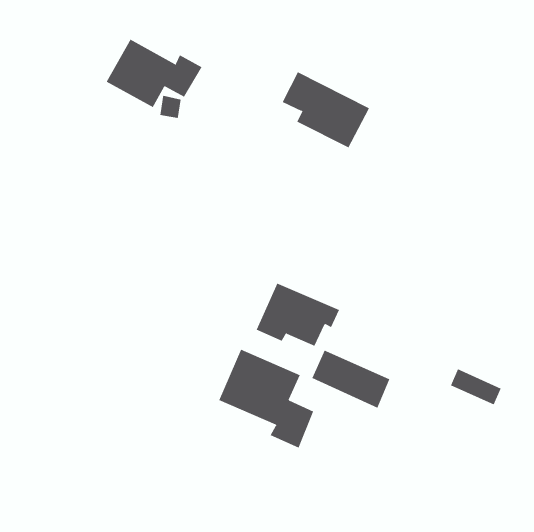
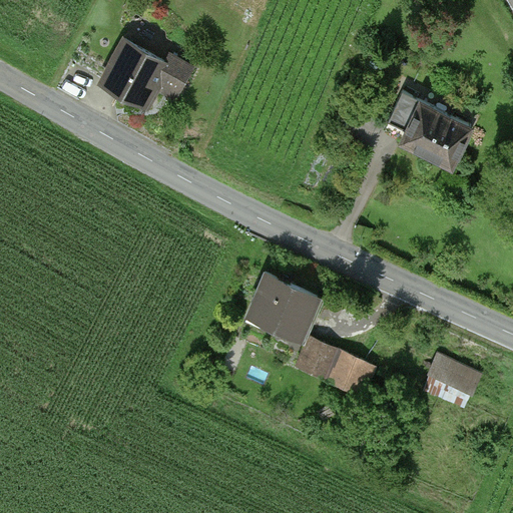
building: [282,72,370,148] -> [387,92,471,165]
building: [218,349,314,448] -> none

